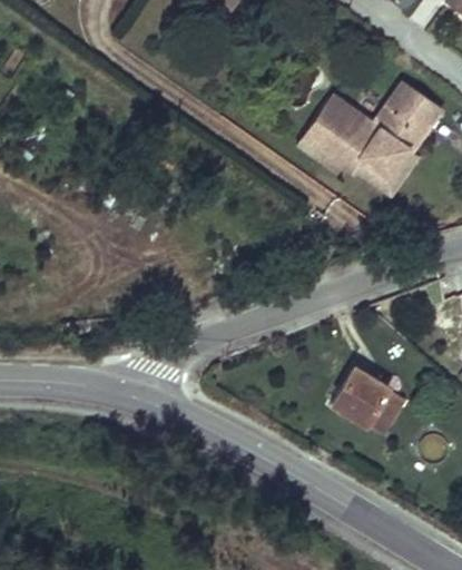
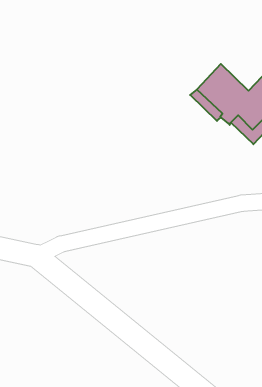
building: [333,368,404,435] -> none

